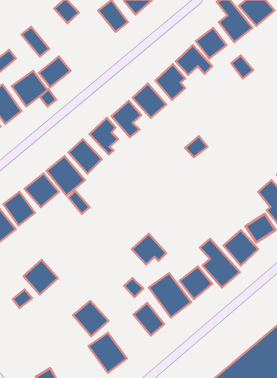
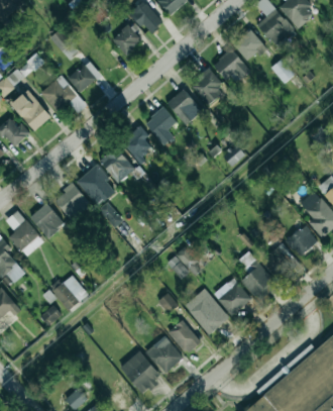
building: none -> [112,23,144,57]
building: [73,301,108,336] -> [146,336,184,374]

